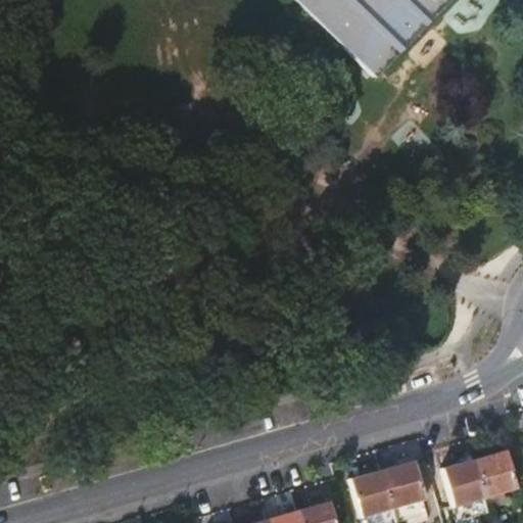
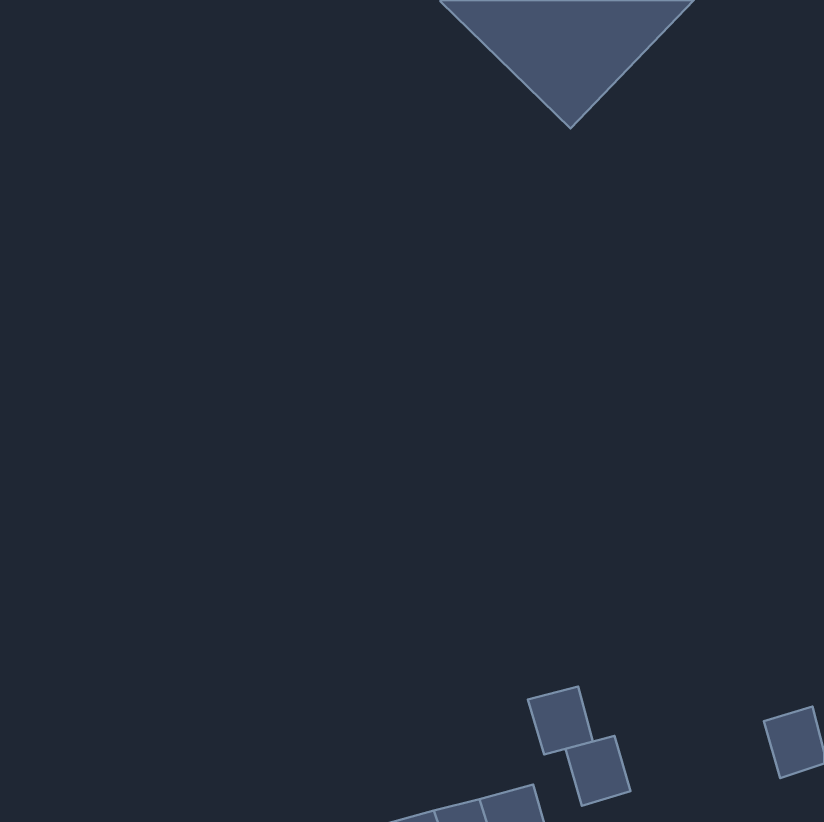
building: [448,459,490,503] -> none
building: [386,460,427,503] -> [528,686,593,755]

